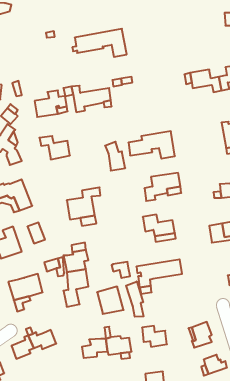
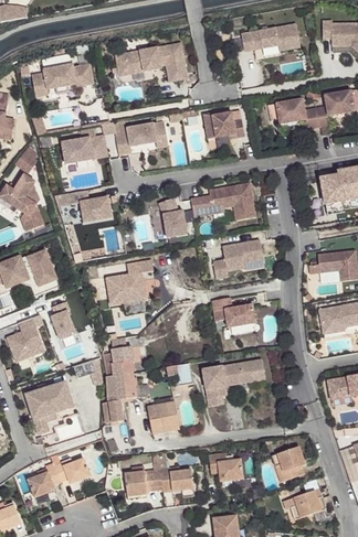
building: none -> [241,23,301,51]
building: none -> [32,63,94,96]
building: none -> [203,112,243,139]
building: [126,281,144,317] -> none

